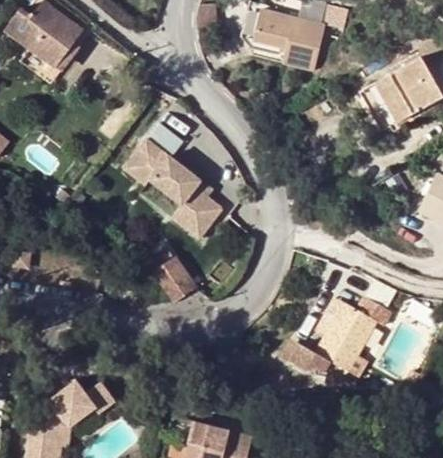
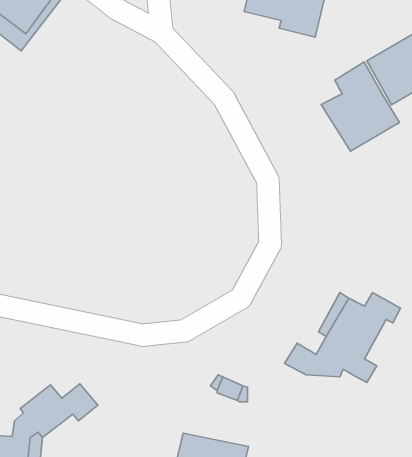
building: none -> [321,62,400,151]
building: [125,138,224,237] -> none
building: [154,256,197,302] -> none

